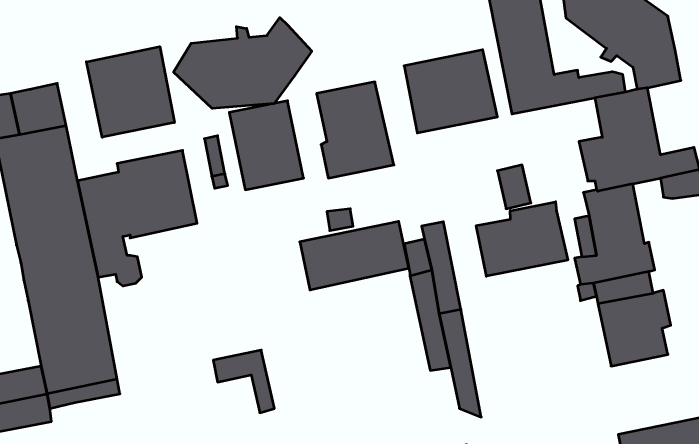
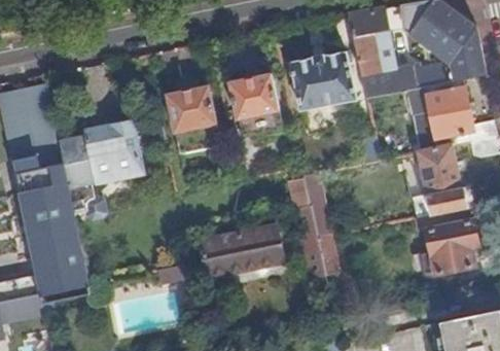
building: [174,18,312,108] -> none
building: [86,47,174,137] -> none
building: [476,202,568,276] -> none
building: [300,221,409,290] -> [199,226,276,275]

